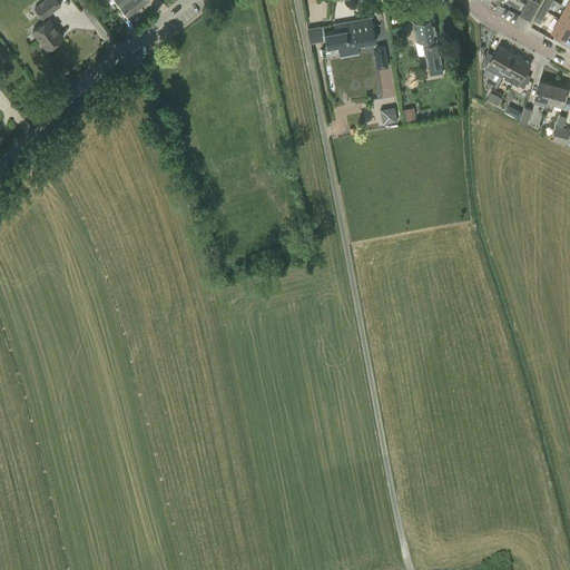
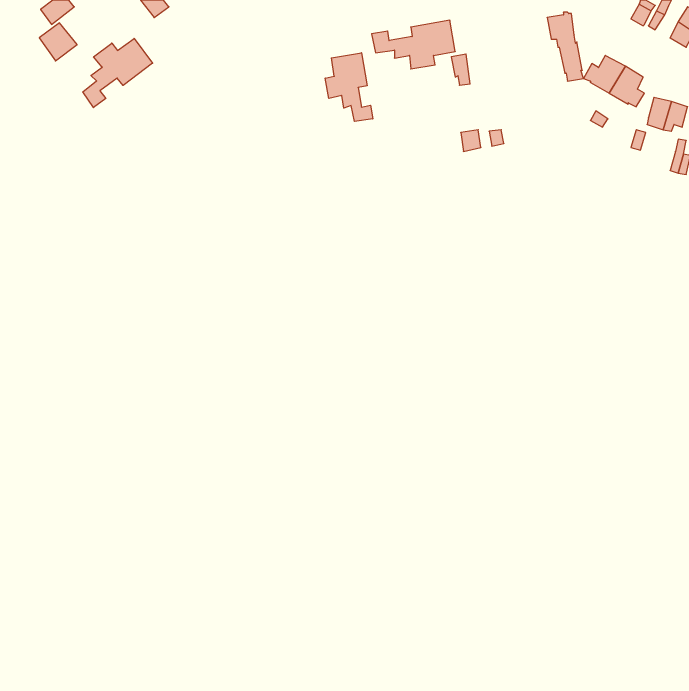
building: [414,18,444,75] -> [547,12,584,81]
building: none -> [83,38,153,108]
building: none -> [325,53,373,121]

